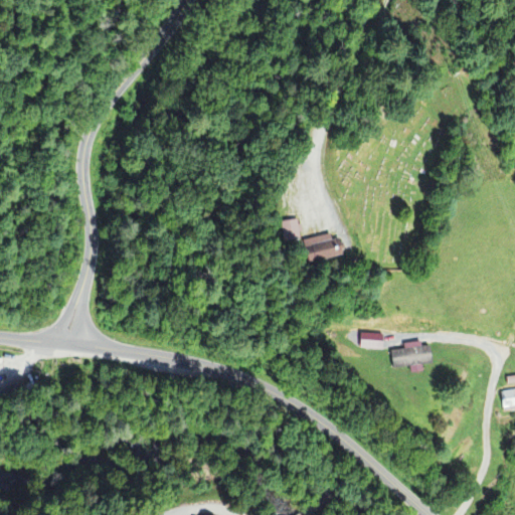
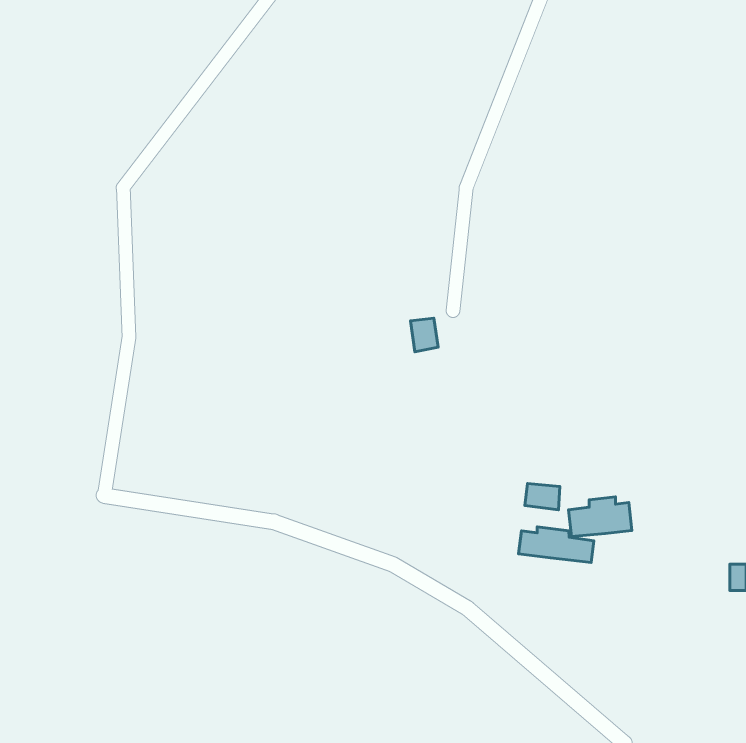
building: [304,231,339,264] -> none
building: none -> [519,527,594,562]

